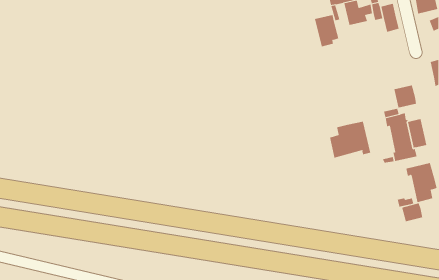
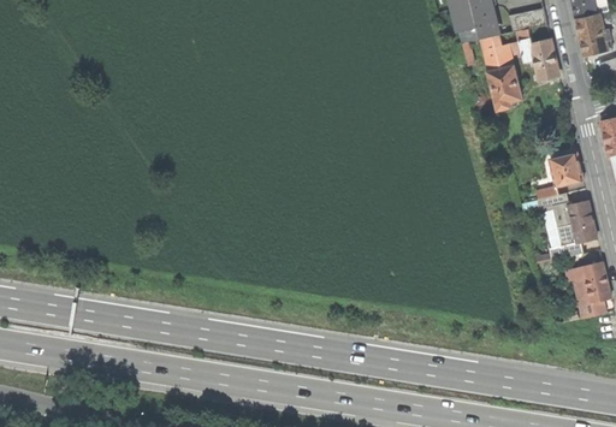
building: [314,15,339,47] -> [487,65,522,111]
building: [329,121,371,159] -> none
building: [402,203,423,222] -> none

